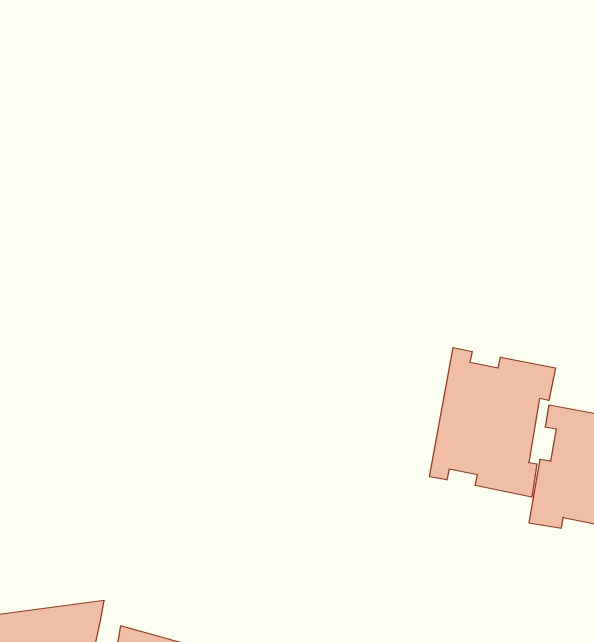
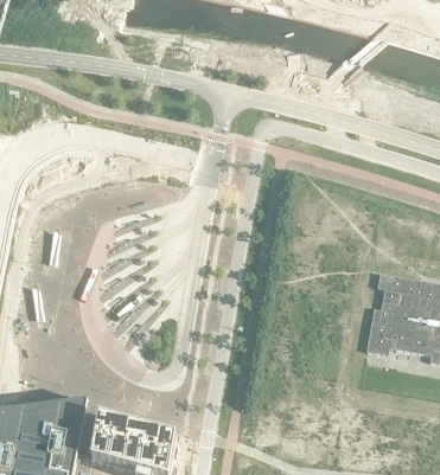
building: [430,348,555,497] -> none

